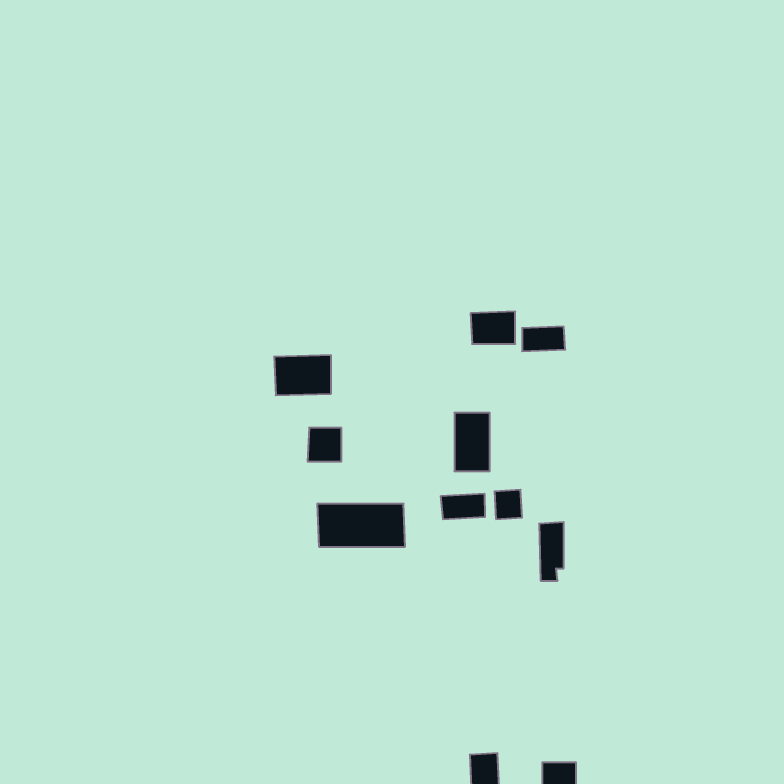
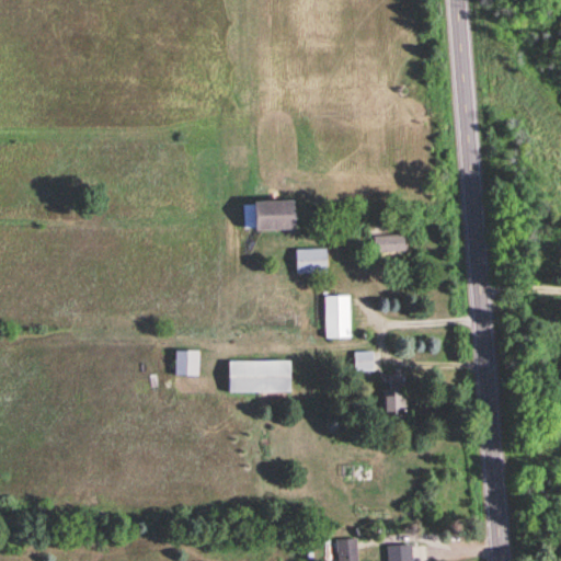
building: [471,312,515,344] -> [295,248,327,271]
building: [274,355,331,395] -> [253,202,294,230]
building: [308,428,341,462] -> [174,351,198,375]
building: [441,494,485,519] -> none

